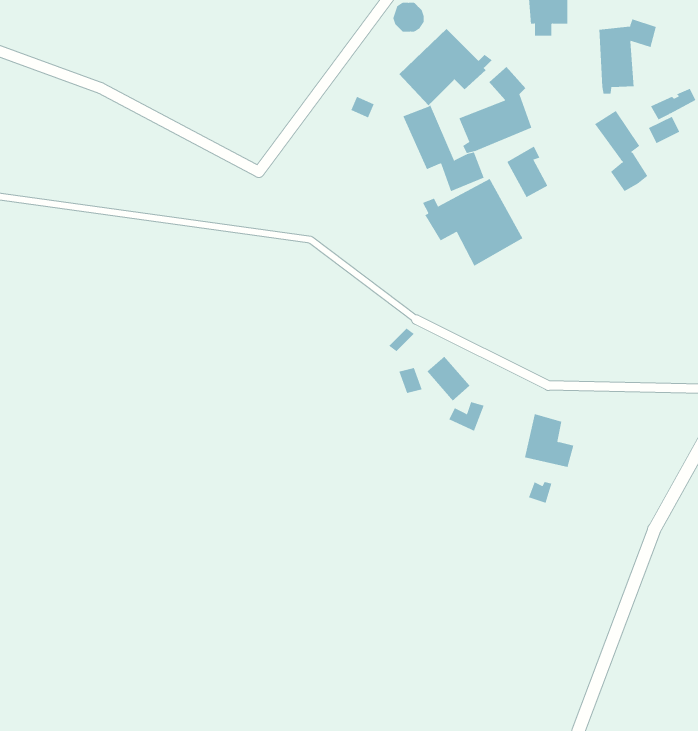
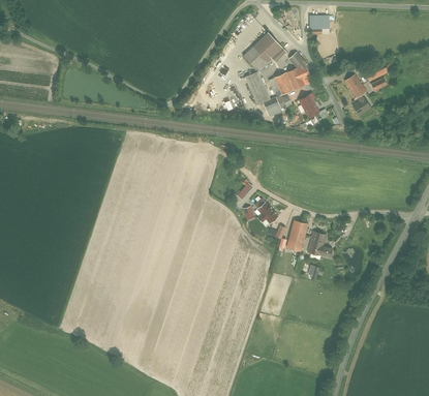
building: [599,19,657,94] -> none
building: [422,178,523,266] -> none
building: none -> [285,219,307,251]

